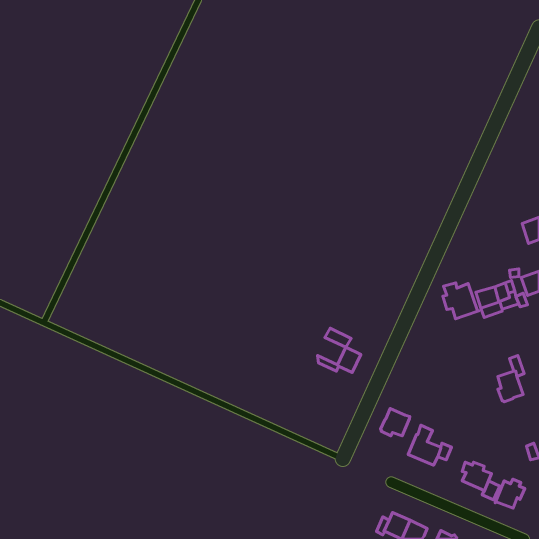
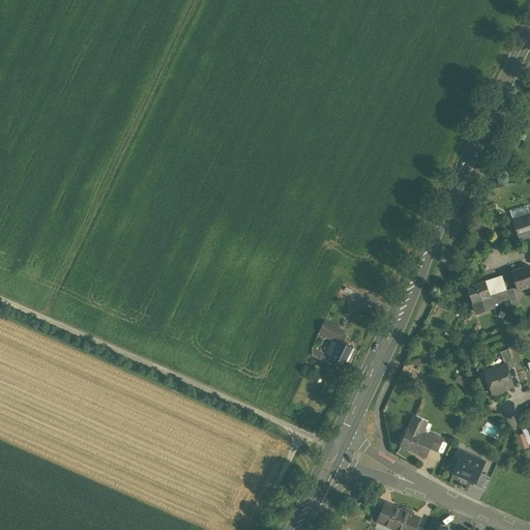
building: [443,283,479,319] -> none
building: [381,409,410,436] -> none
building: [495,479,525,508] -> none

